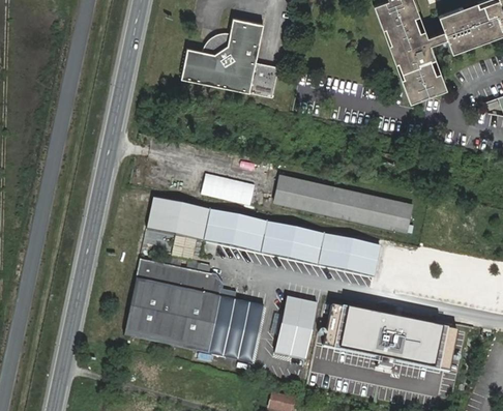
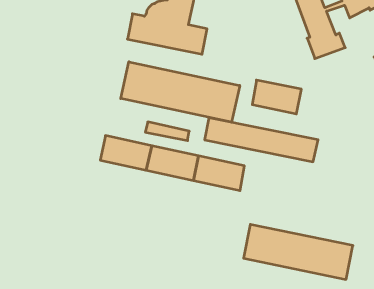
building: none -> [121,62,240,122]
building: [319,234,379,275] -> [252,80,301,114]
building: [124,260,264,363] -> none
building: [275,296,319,359] -> none

